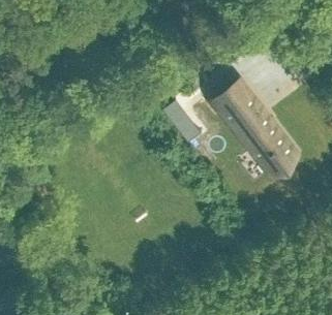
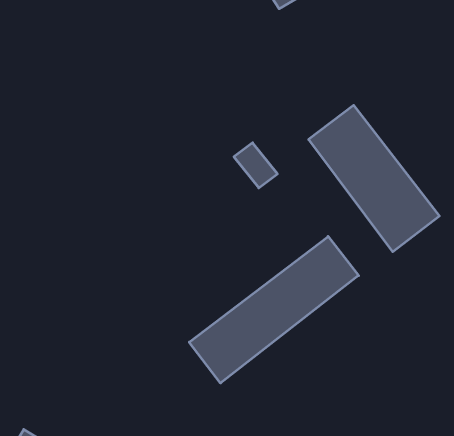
building: none -> [189,236,359,383]

